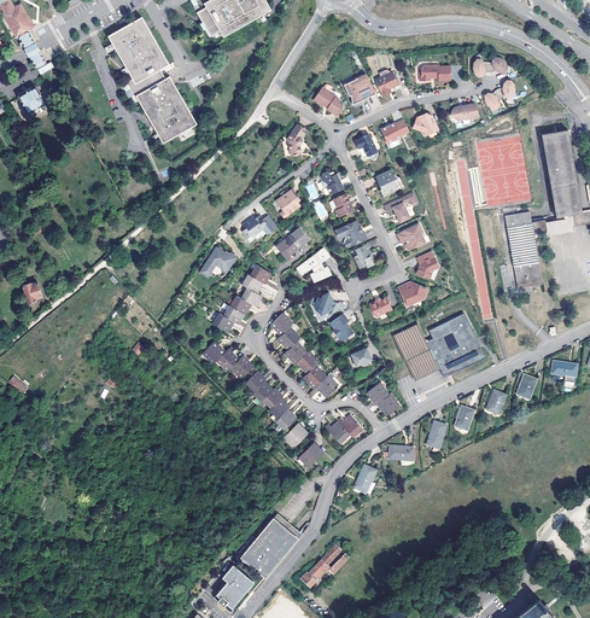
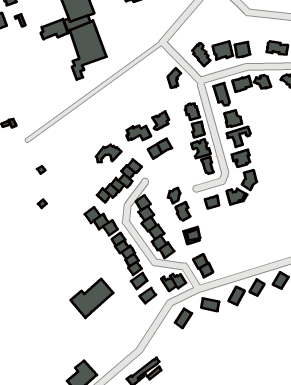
building: none -> [41,19,68,39]
building: [296,246,332,282] -> none
building: [393,314,484,379] -> none
building: [240,515,299,575] -> [71,279,113,318]

